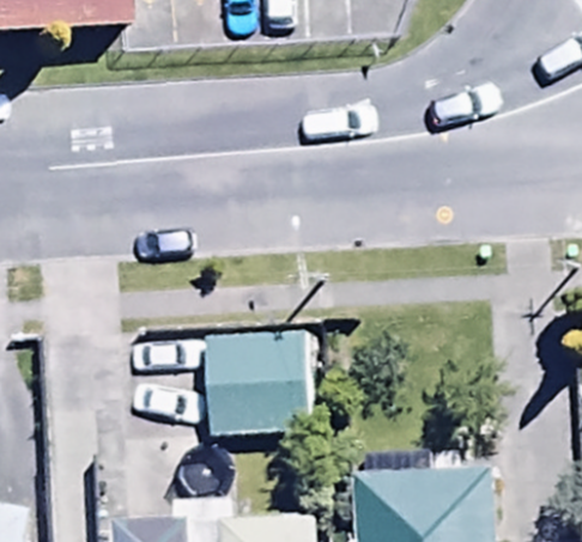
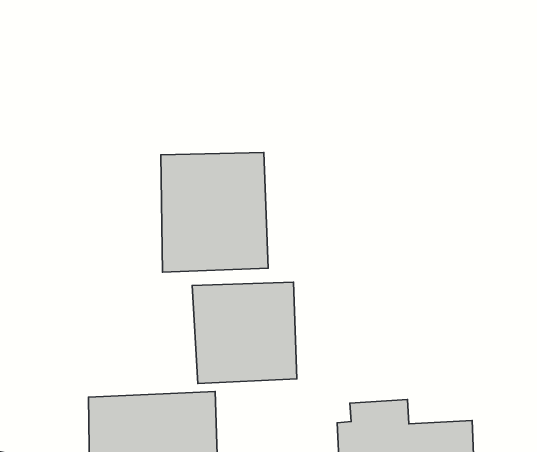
building: none -> [161,153,268,272]

